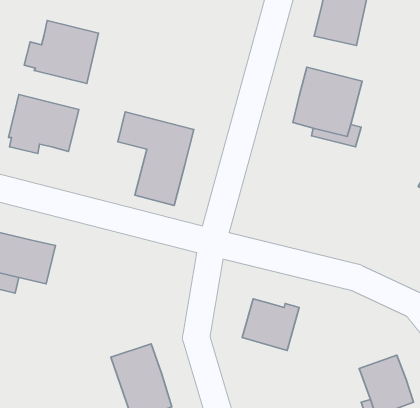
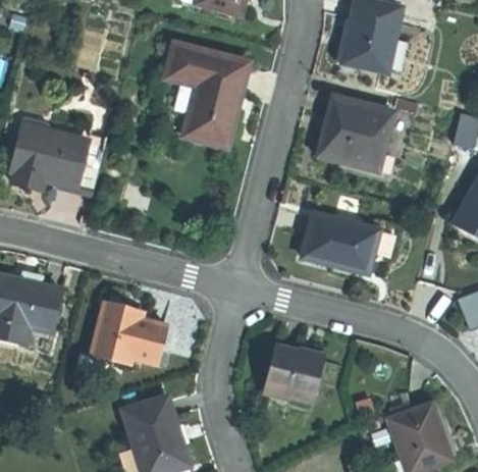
building: [24,20,99,83] -> none
building: [118,112,194,206] -> [165,44,248,146]
building: none -> [302,213,379,274]
building: none -> [91,301,166,364]

